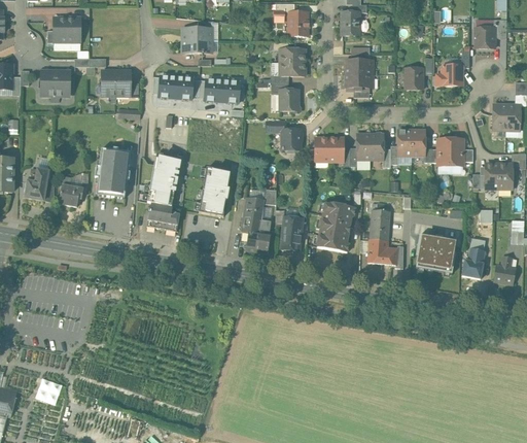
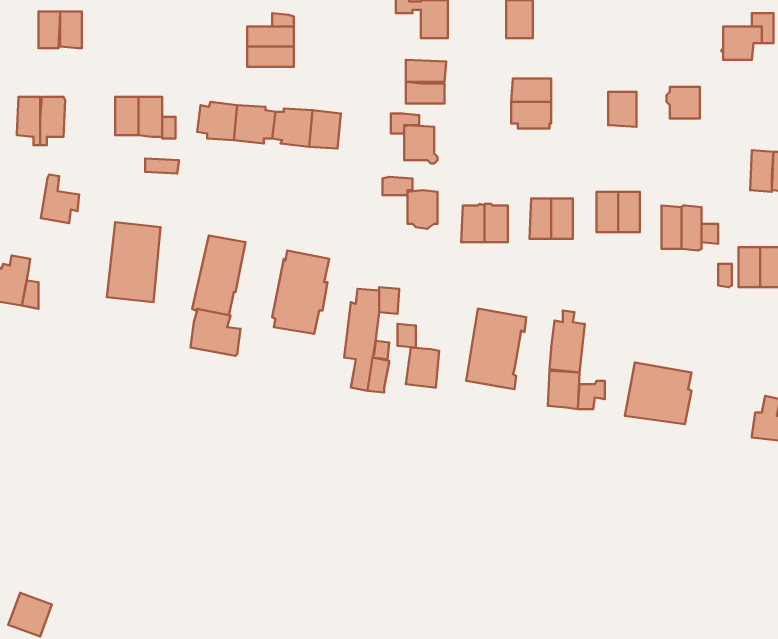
building: [59,176,82,206] -> [41,175,79,223]
building: [461,248,484,279] -> none

